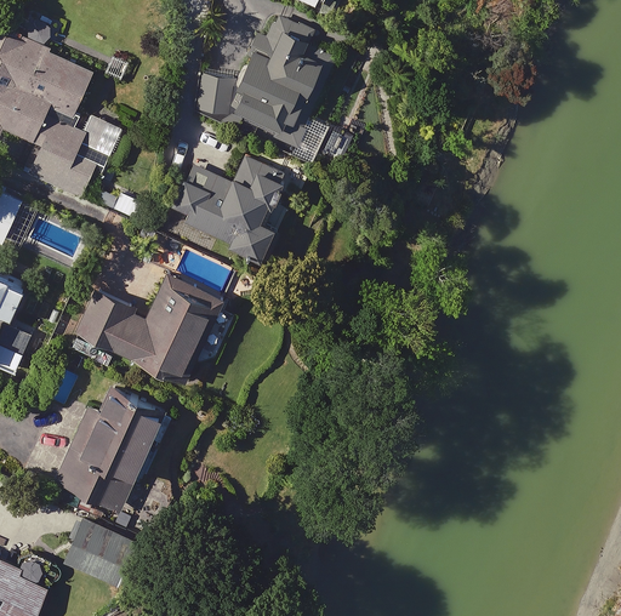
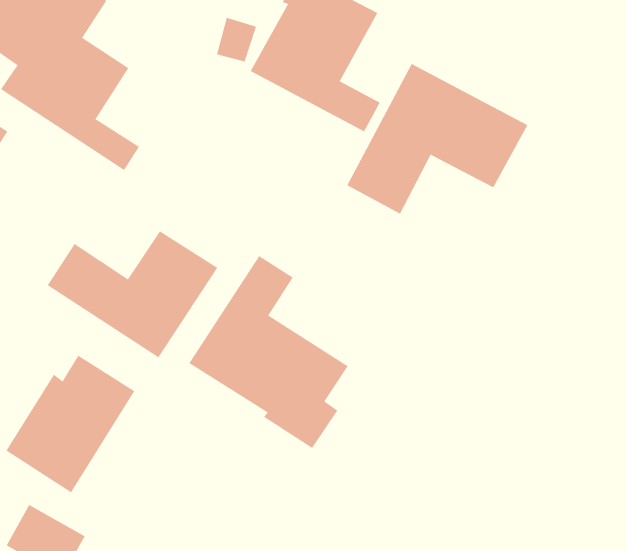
building: none -> [346,63,528,214]
building: [173,158,286,262] -> none
building: none -> [188,255,348,449]

